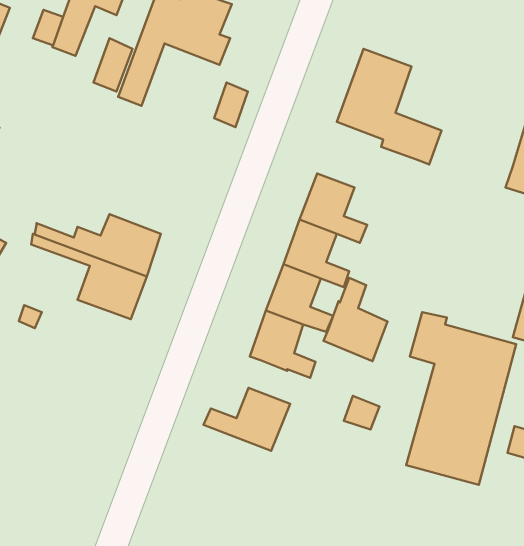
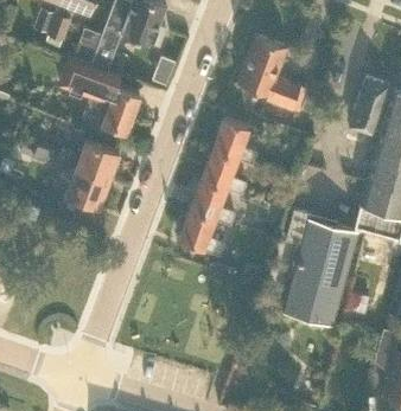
building: none -> [59,60,140,133]
building: [323,278,388,361] -> none
building: [204,388,290,451] -> none

